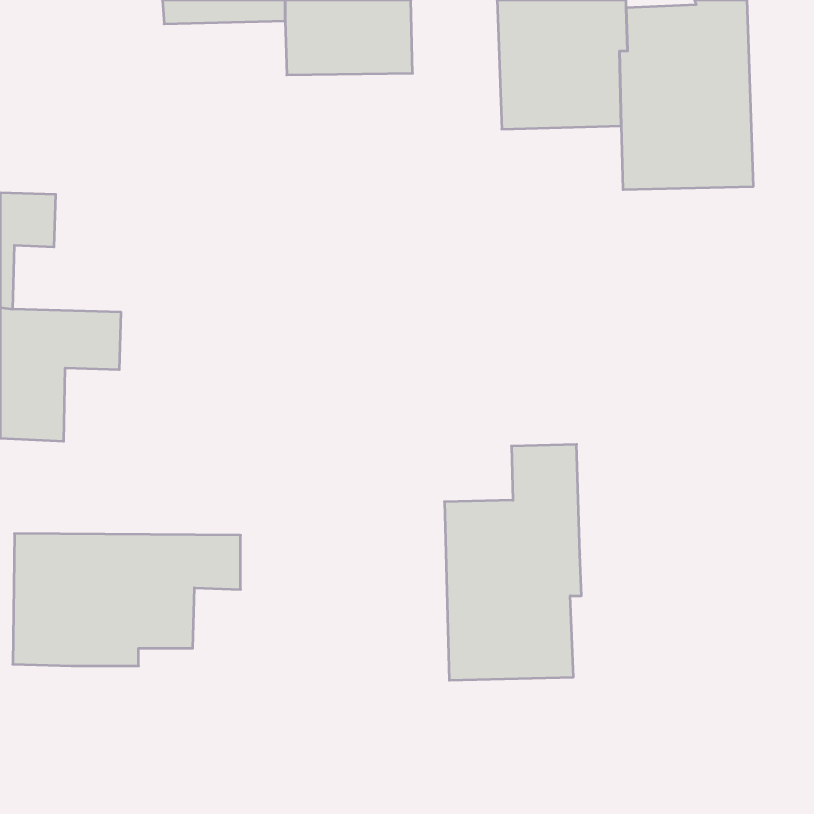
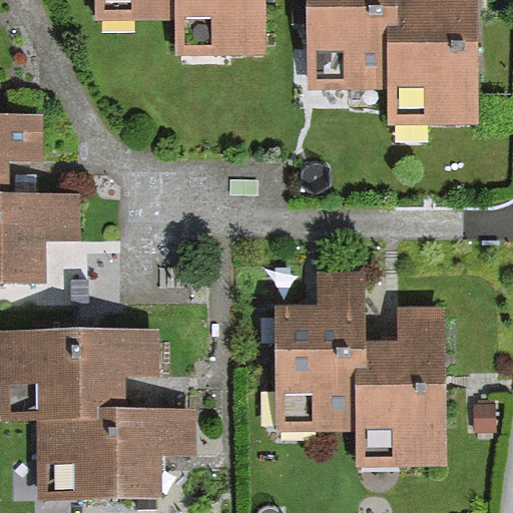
building: none -> [359,315,440,461]
building: none -> [44,408,191,491]

